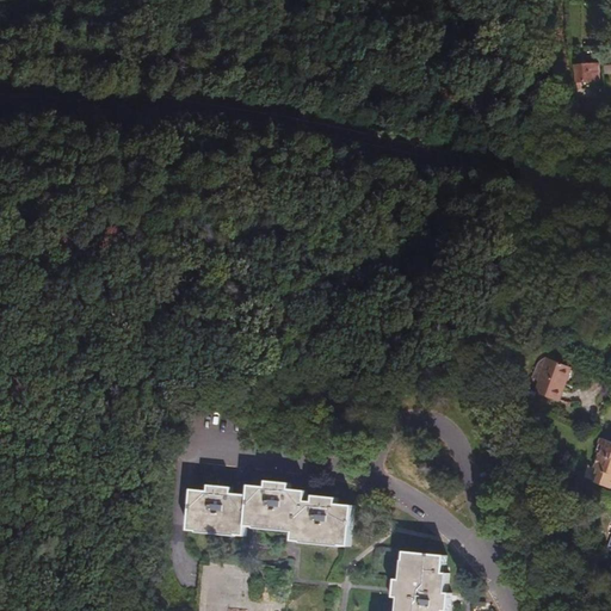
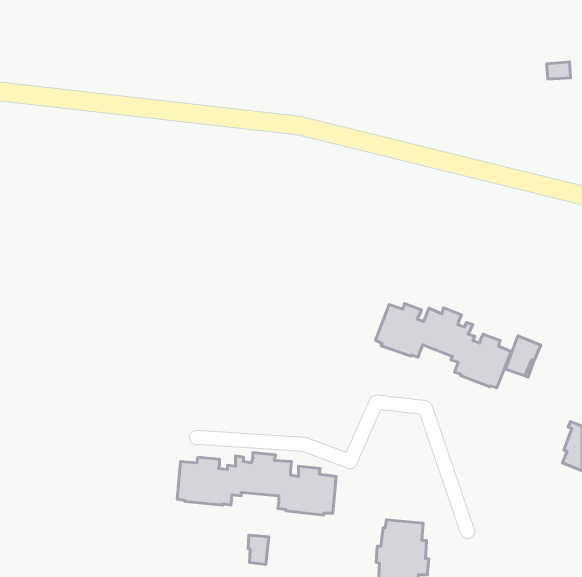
building: none -> [375,303,511,388]
building: none -> [248,535,269,564]

